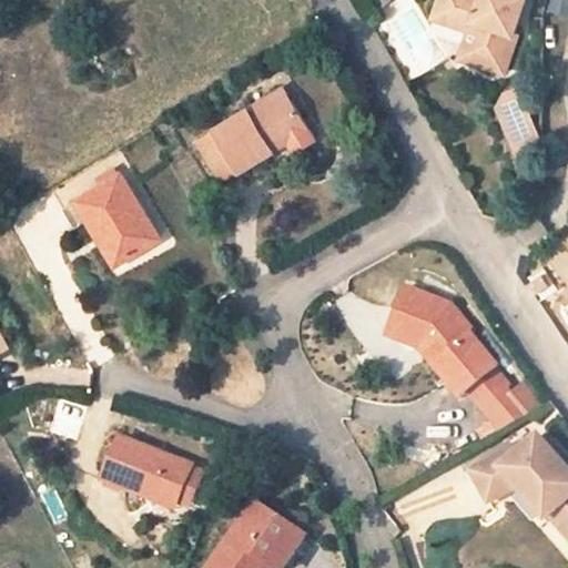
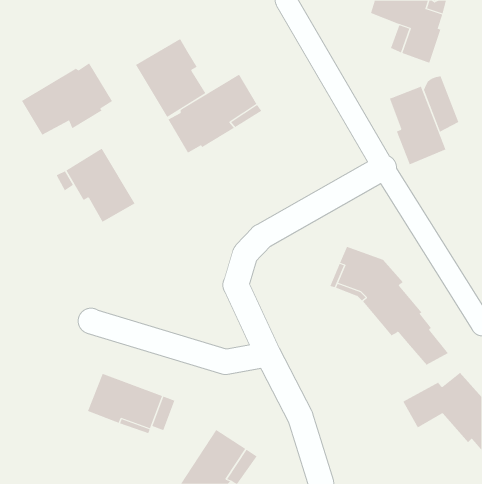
building: none -> [135,38,206,118]
building: none -> [21,62,113,135]
building: none -> [389,86,446,165]

